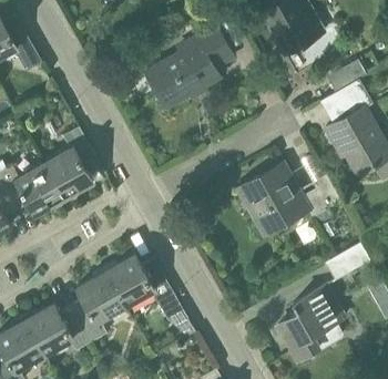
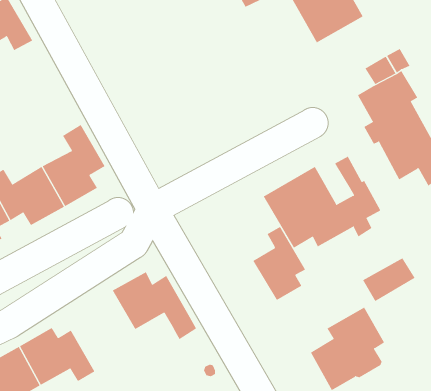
building: [144,25,234,111] -> none
building: none -> [252,226,306,301]
building: [70,272,125,342] -> none

